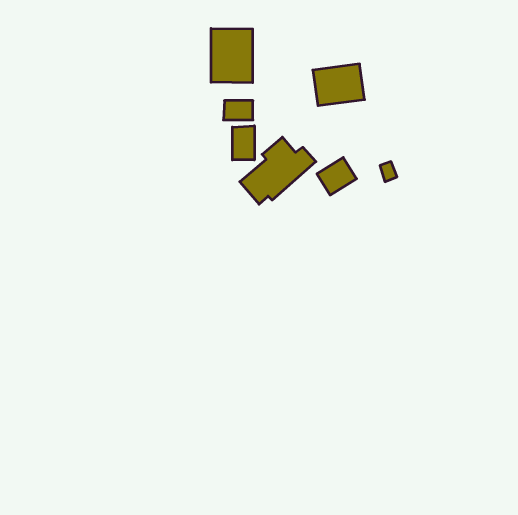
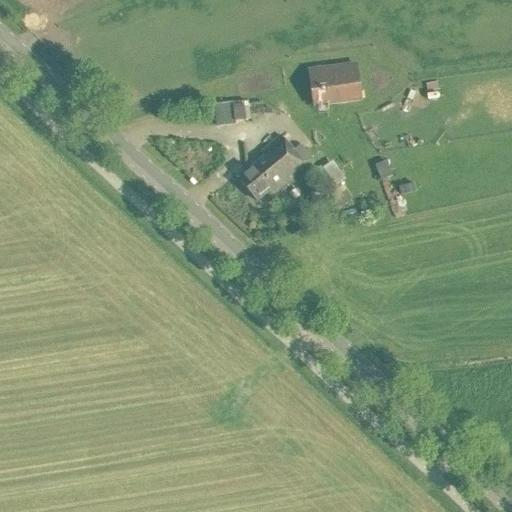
building: [211,28,253,83] -> none
building: [232,126,254,160] -> none

